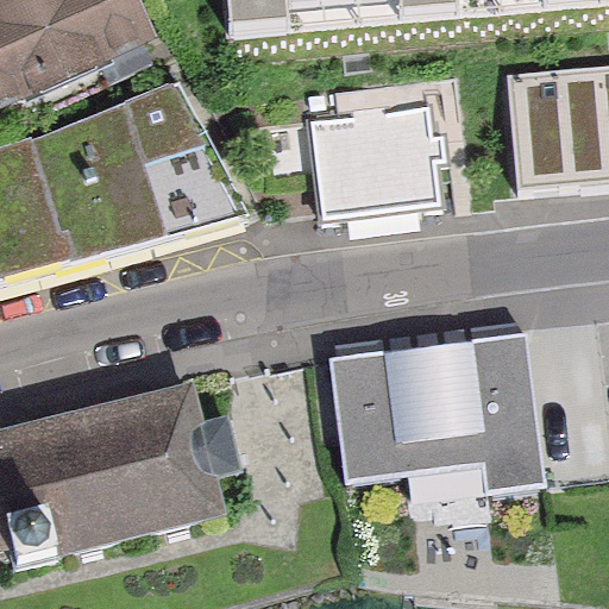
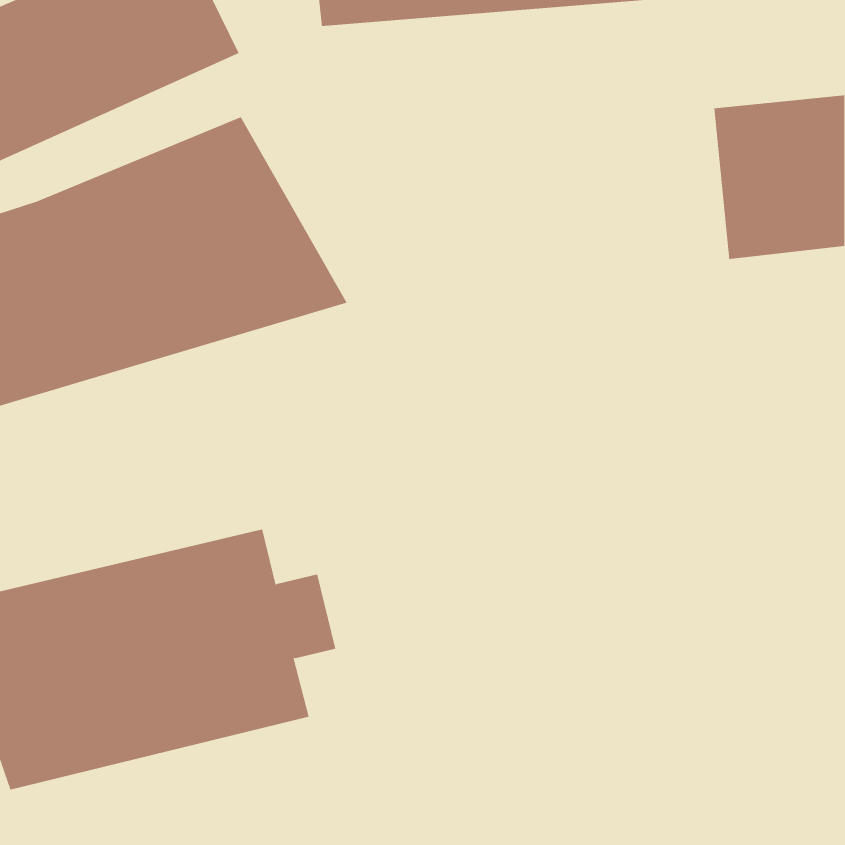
building: [315,107,435,222] -> none
building: [320,328,542,489] -> none

